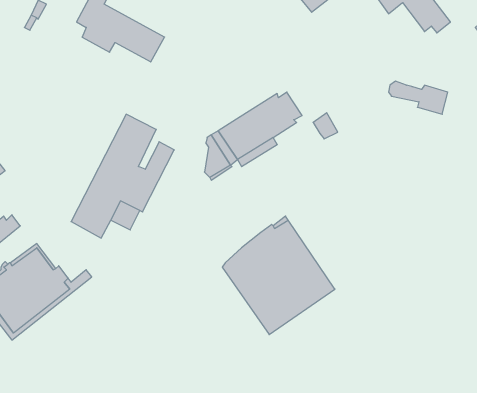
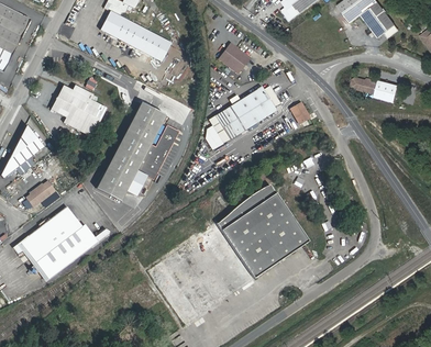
building: none -> [217,42,251,74]
building: none -> [51,85,106,136]

